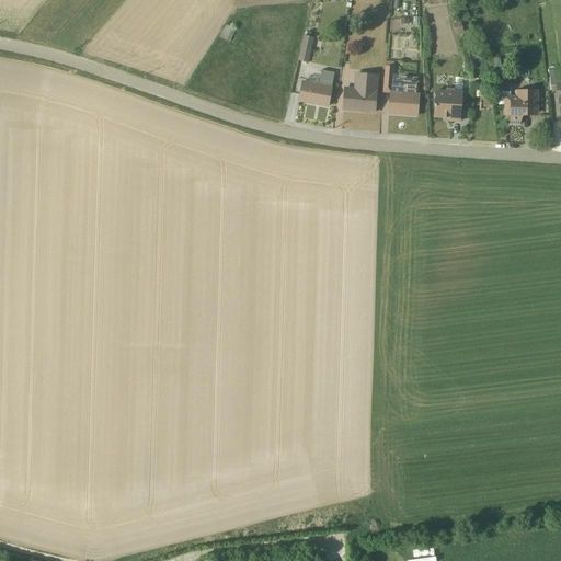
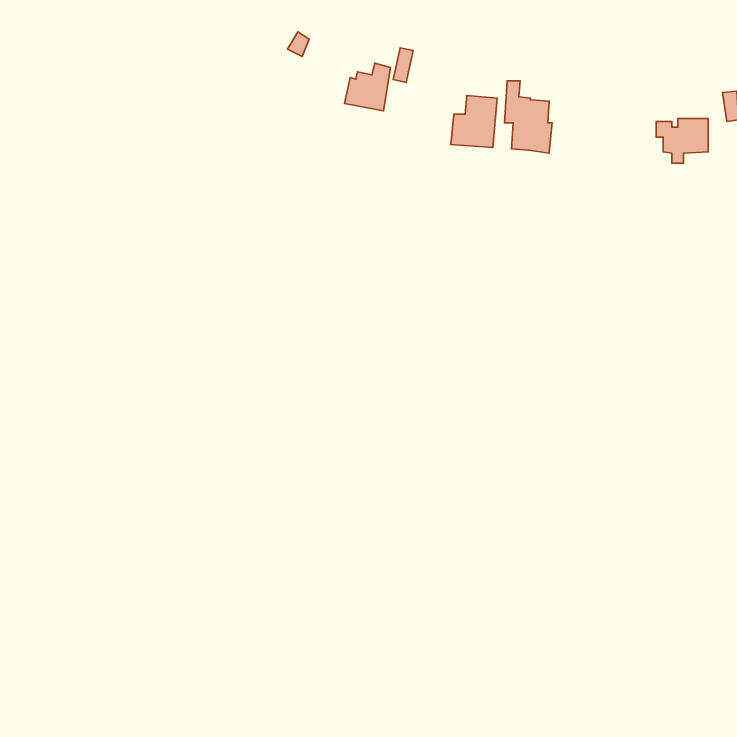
building: [299,70,334,106] -> [344,63,391,111]
building: [434,83,462,122] -> none

